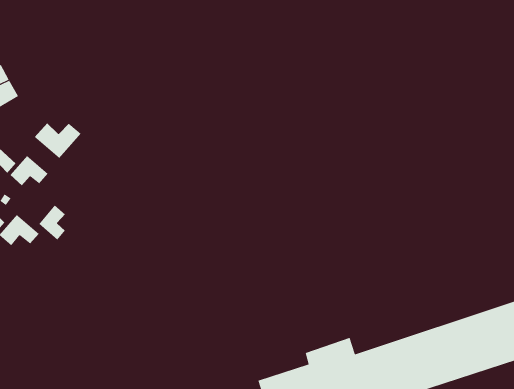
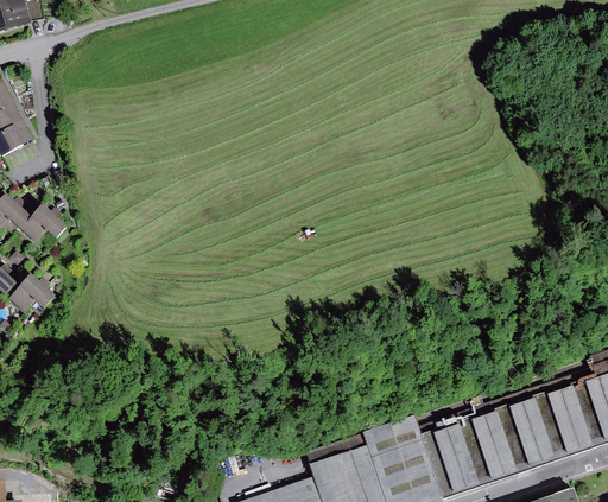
building: [34,122,82,159] -> none
building: [39,205,66,240] -> none

